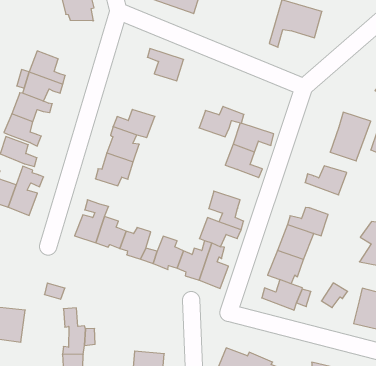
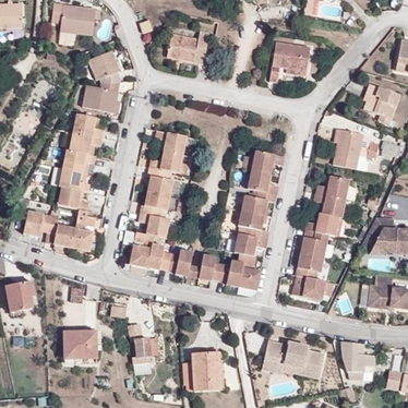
building: none -> [81,82,119,113]
building: [147,49,184,81] -> [155,131,185,155]
building: [199,106,244,137] -> [240,190,276,215]
building: none -> [137,214,169,238]
building: none -> [313,193,345,218]

